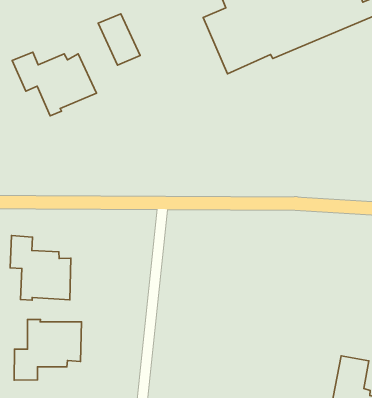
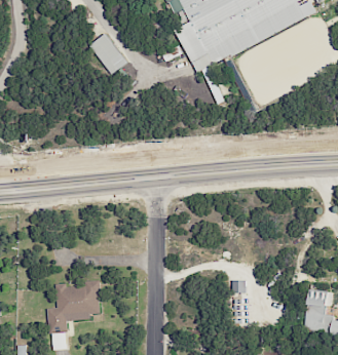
building: [12,52,97,116] -> none
building: [10,235,71,300] -> none

